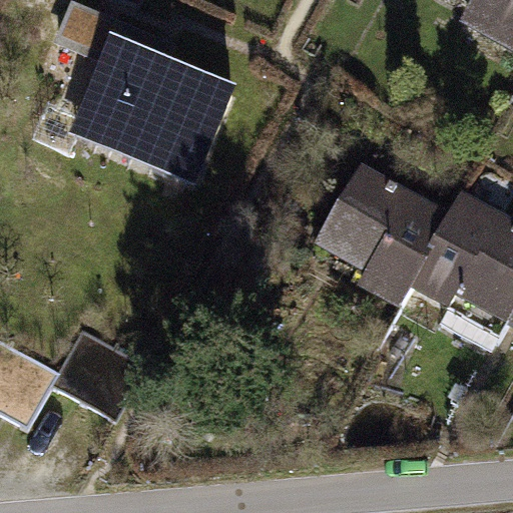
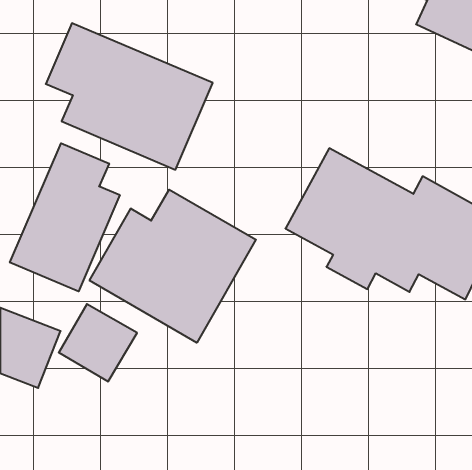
building: none -> [10,143,120,291]
building: none -> [90,190,256,343]

